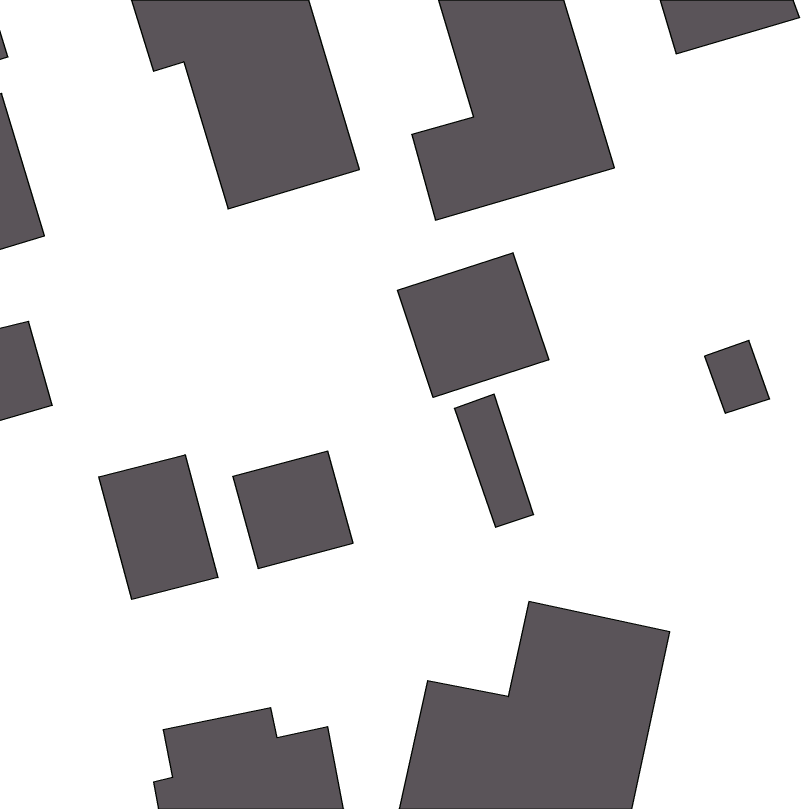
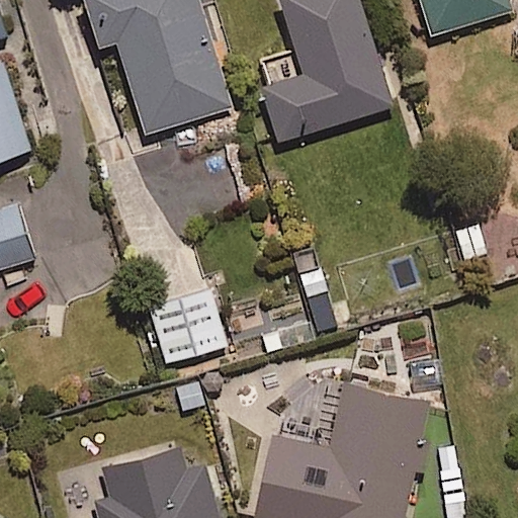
building: [397,253,549,397] -> none
building: [99,455,218,599] -> none

